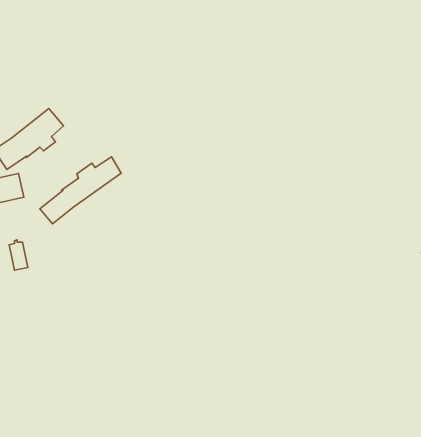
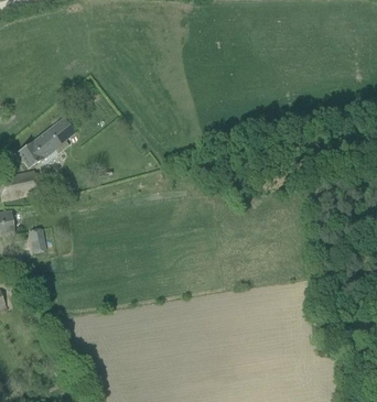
building: [40,157,121,224] -> none

